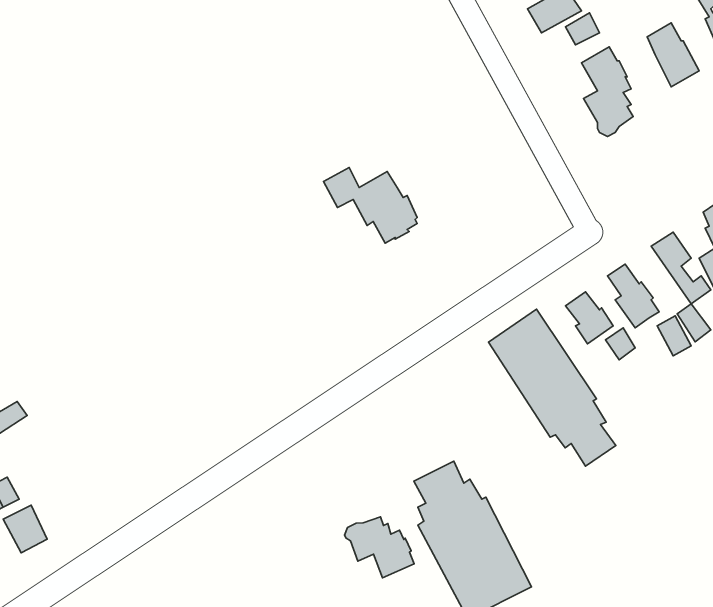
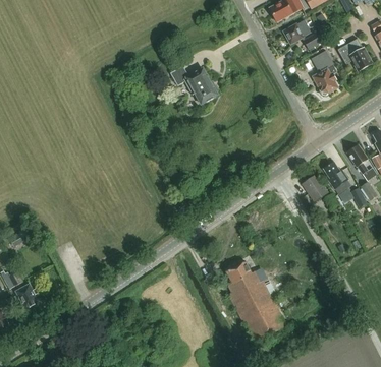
building: [323,168,417,243] -> [170,66,218,105]
building: [488,309,616,466] -> none
building: [345,517,414,578] -> none

